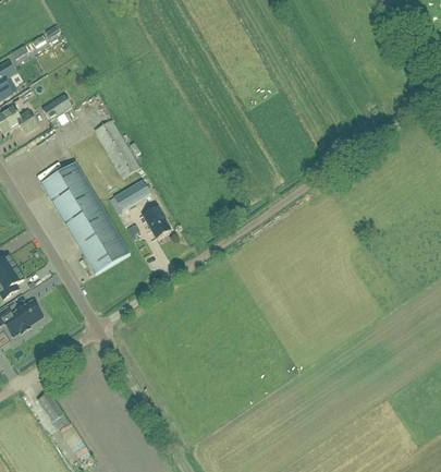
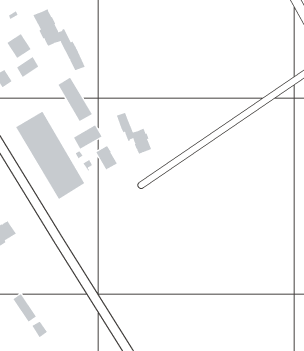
building: none -> [33,9,86,72]
building: none -> [7,33,31,59]
building: none -> [116,111,152,155]

